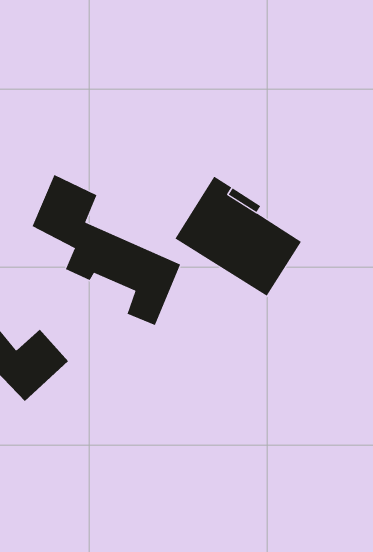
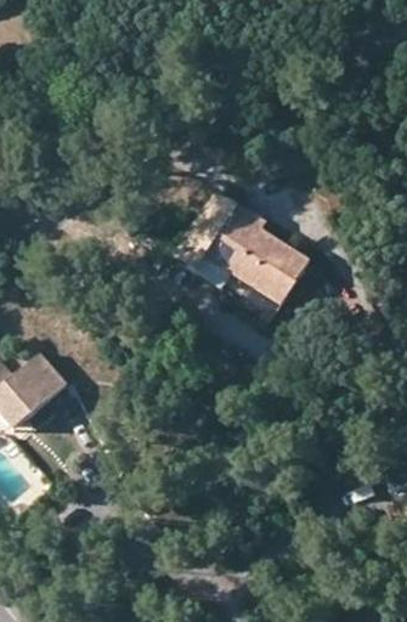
building: [32,174,181,326] -> none

